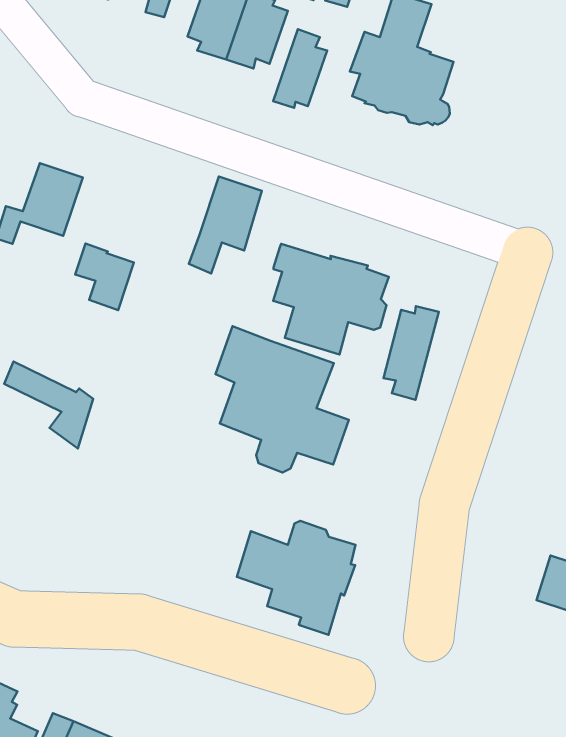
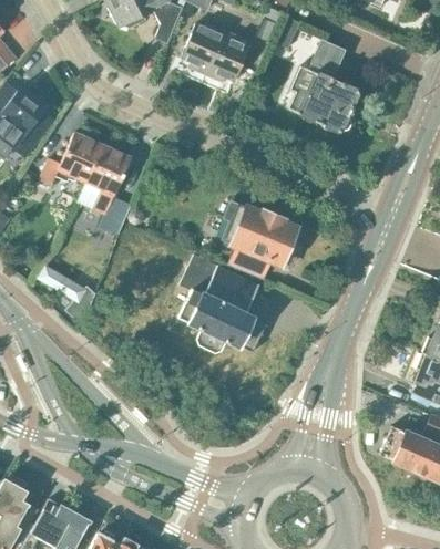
building: [273,29,327,108] -> none
building: [189,176,262,273] -> [76,144,130,208]
building: [383,306,439,400] -> none
building: [237,521,355,635] -> none

